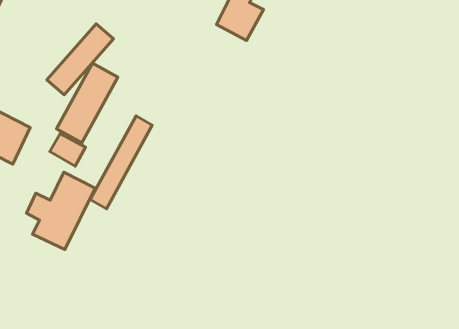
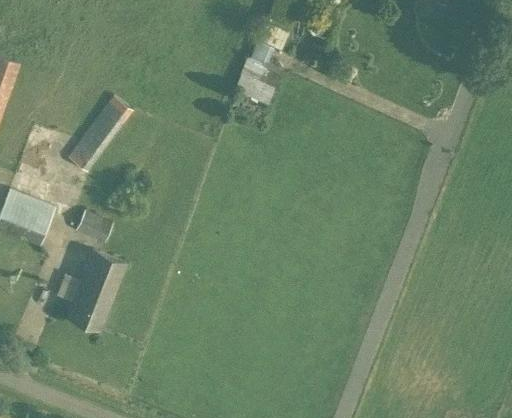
building: [56,63,118,143] -> none
building: [90,116,152,209] -> none

